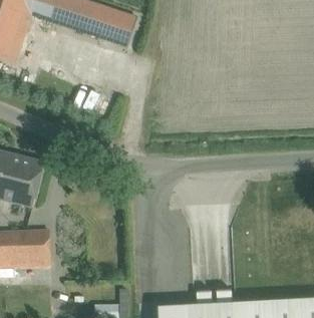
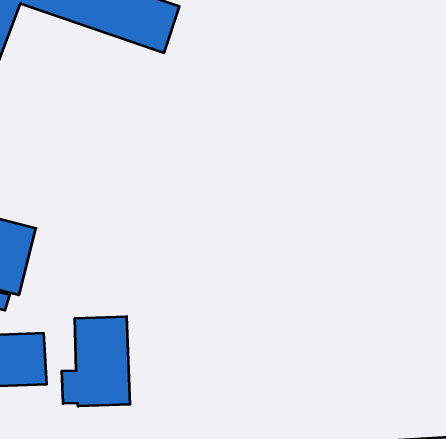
building: none -> [62,316,130,406]

